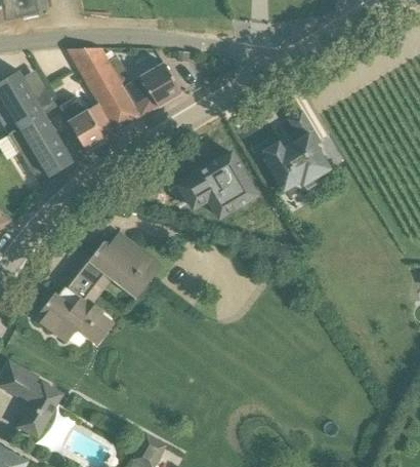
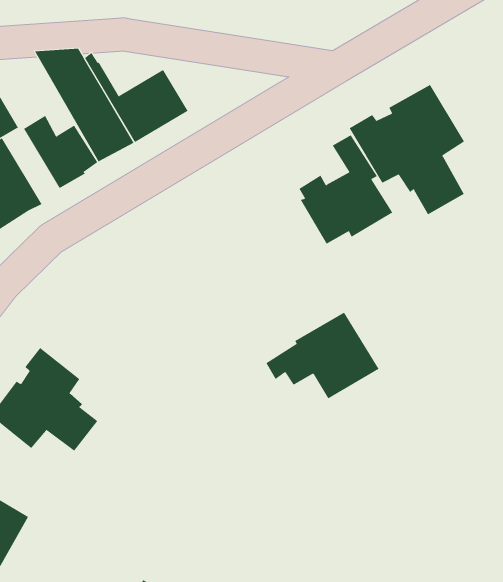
building: none -> [349,84,465,215]
building: [172,152,256,217] -> [265,312,379,399]
building: [72,231,162,298] -> none

